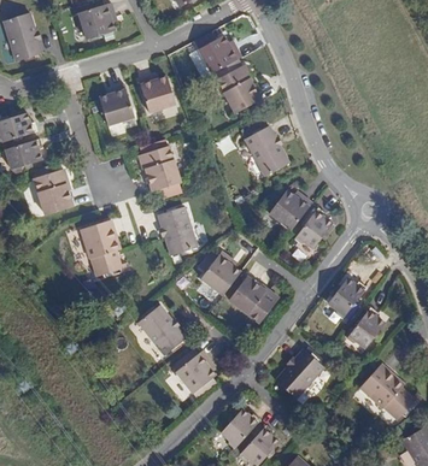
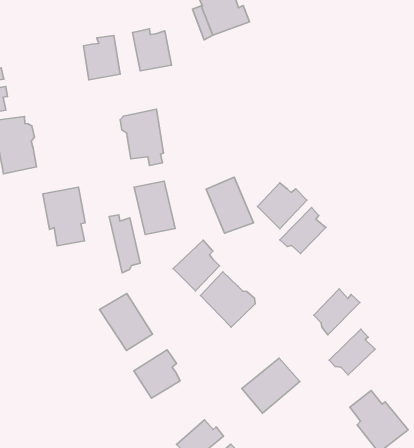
building: [216,66,260,113] -> none
building: [239,129,283,178] -> [206,177,254,233]
building: none -> [109,215,140,273]

